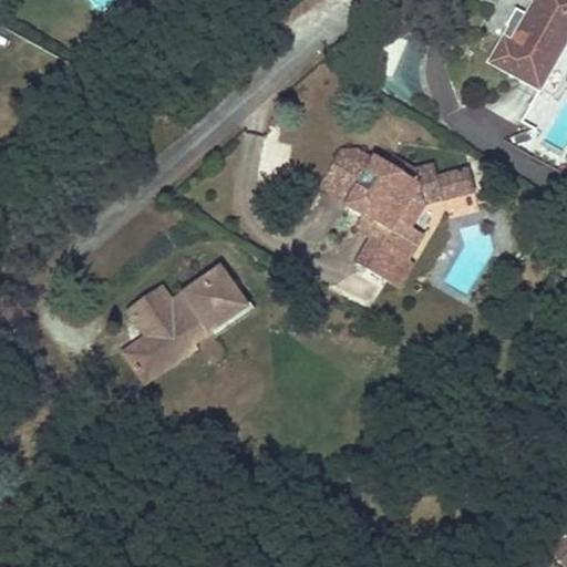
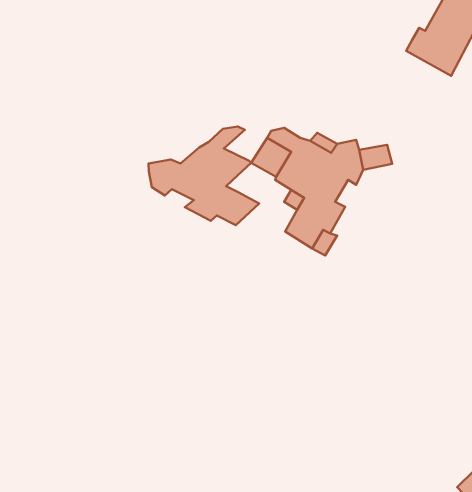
building: none -> [149,126,259,225]
building: [125,267,247,380] -> none

